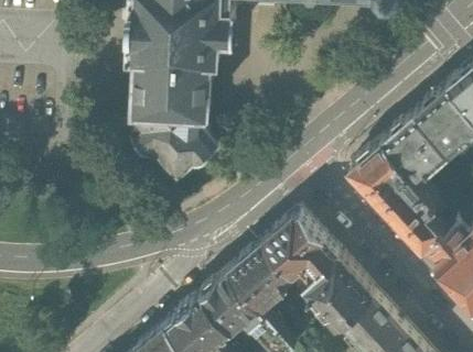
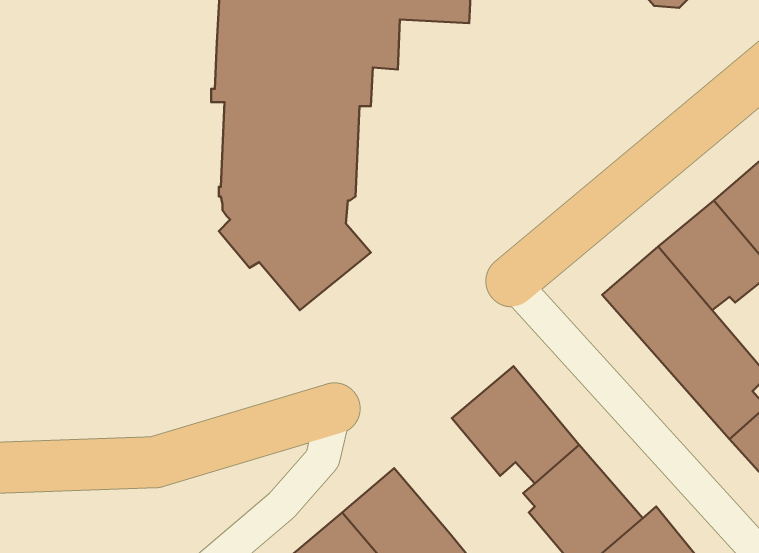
building: [230,243,291,309] -> none

